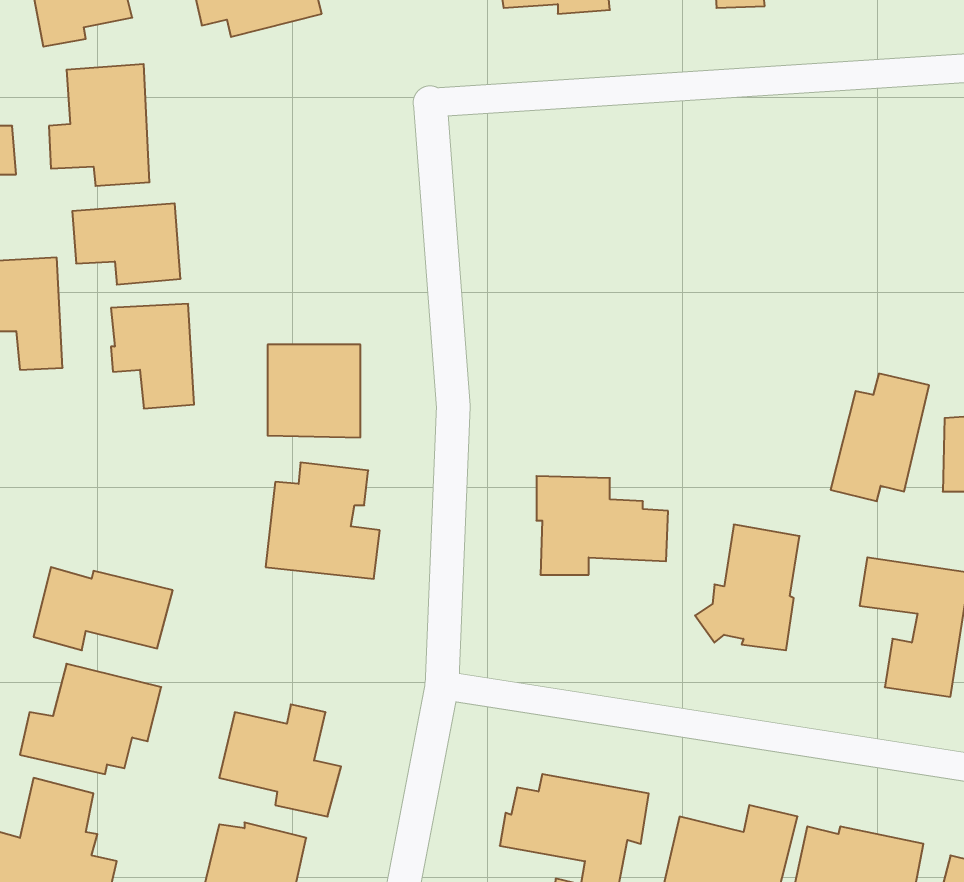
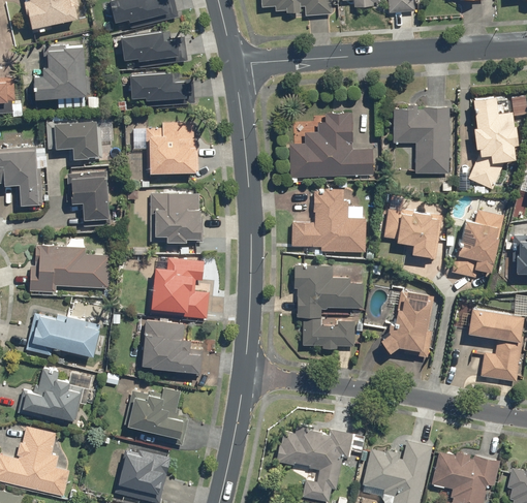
building: none -> [122,31,189,68]
building: none -> [130,72,195,108]
building: none -> [468,95,518,189]
building: none -> [393,105,451,175]
building: none -> [288,113,374,179]
building: none -> [147,123,196,175]
building: none -> [291,188,367,253]
building: none -> [383,208,442,259]
building: none -> [30,245,112,292]
building: none -> [303,319,355,349]
building: none -> [141,320,205,373]

